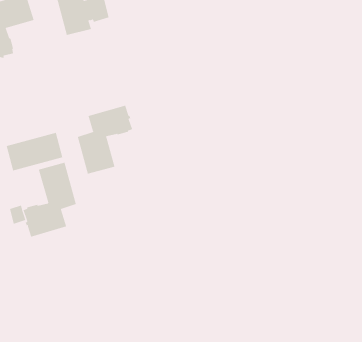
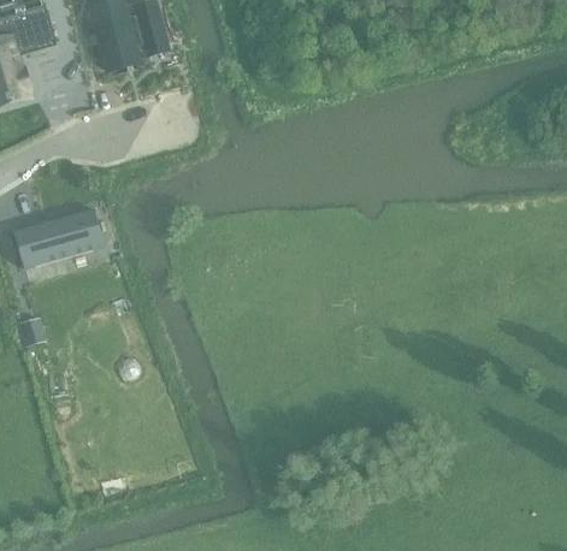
building: [77,105,133,175] -> none
building: [23,162,76,237] -> none

